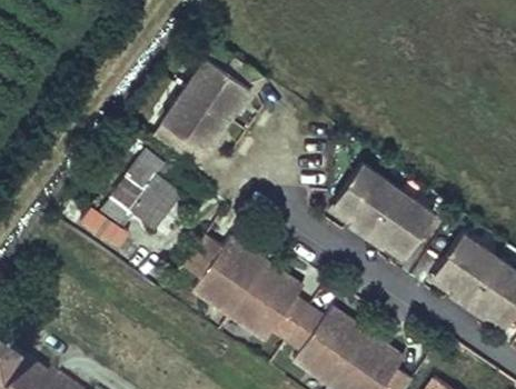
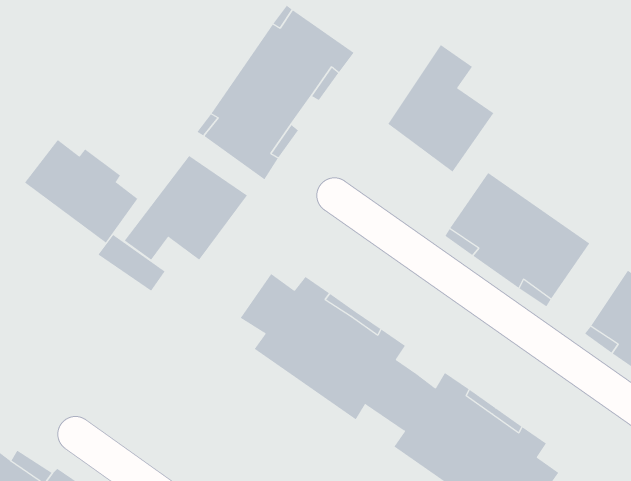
building: none -> [387,44,494,172]
building: none -> [24,139,138,243]

